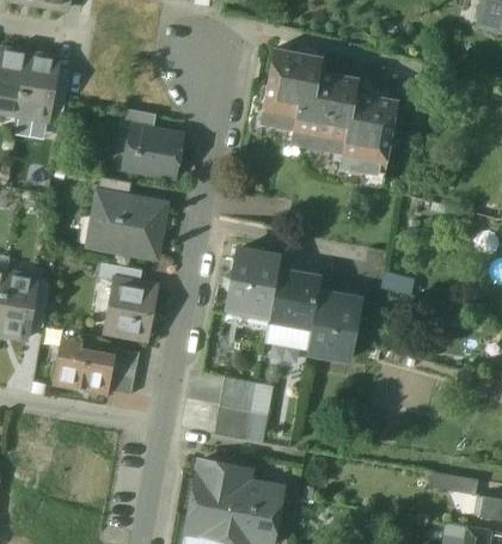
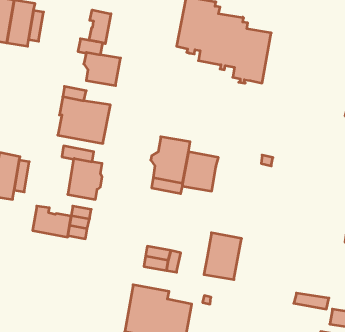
building: none -> [89,10,111,44]
building: [306,292,360,359] -> [204,233,242,280]
building: [219,377,257,411] -> none

